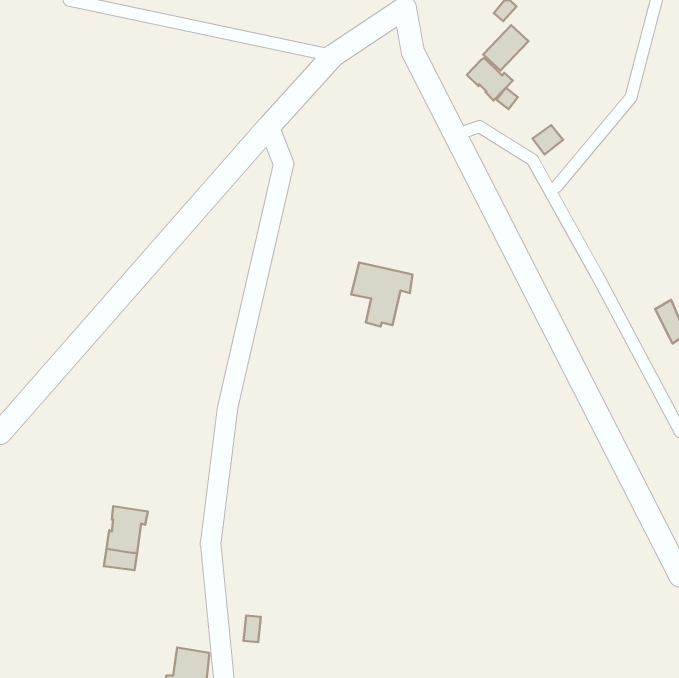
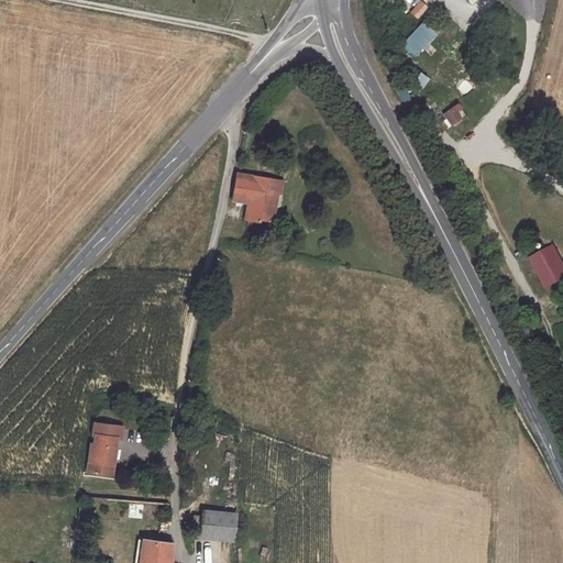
building: [467,58,513,101] -> none
building: [351,263,413,327] -> [229,173,279,225]
building: none -> [214,511,238,533]

